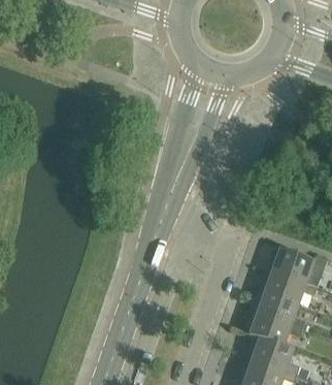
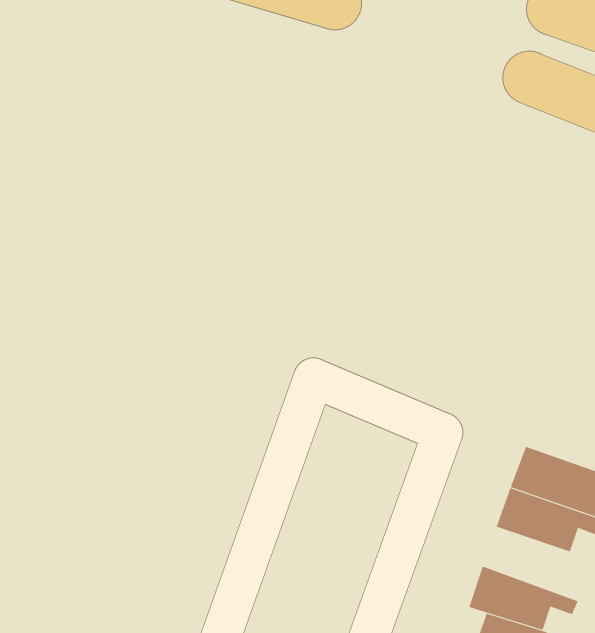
building: [254,290,306,329] -> none

